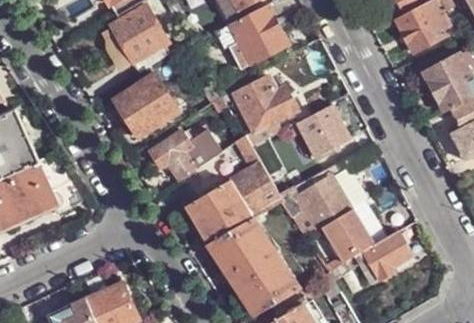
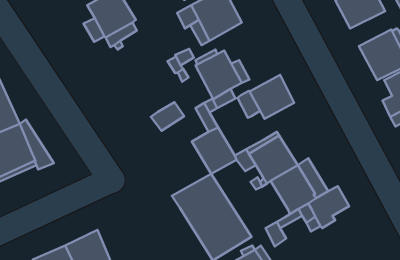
building: [114,74,179,137] -> none
building: [150,131,196,178] -> none
building: [186,180,253,242] -> none

